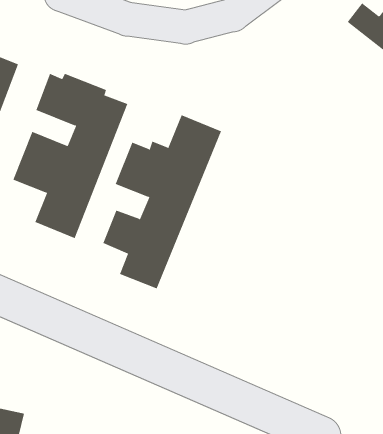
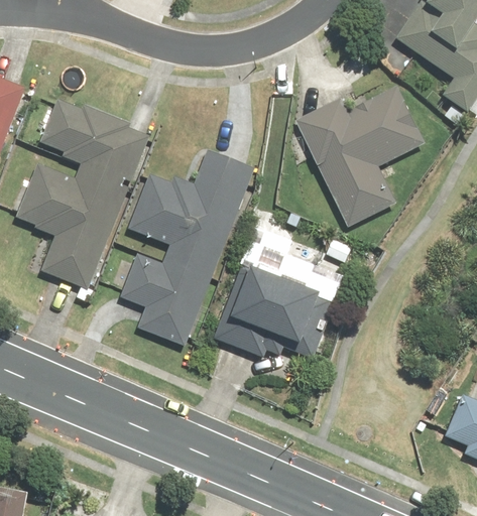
building: none -> [294,87,427,228]
building: none -> [214,262,333,360]

